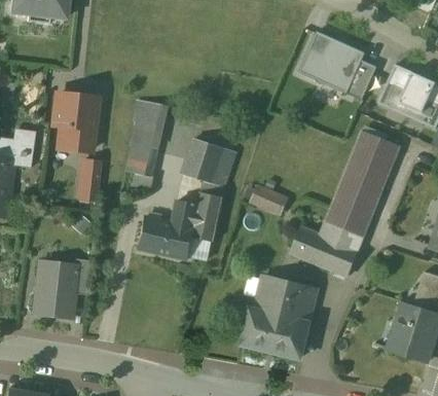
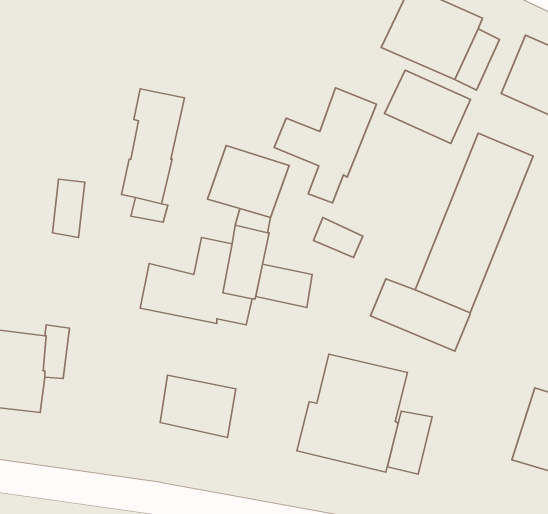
building: none -> [385,70,470,144]
building: [52,94,96,150] -> none
building: none -> [274,88,377,203]
building: none -> [256,264,312,307]
building: none -> [160,375,236,437]
building: none -> [388,411,432,474]

